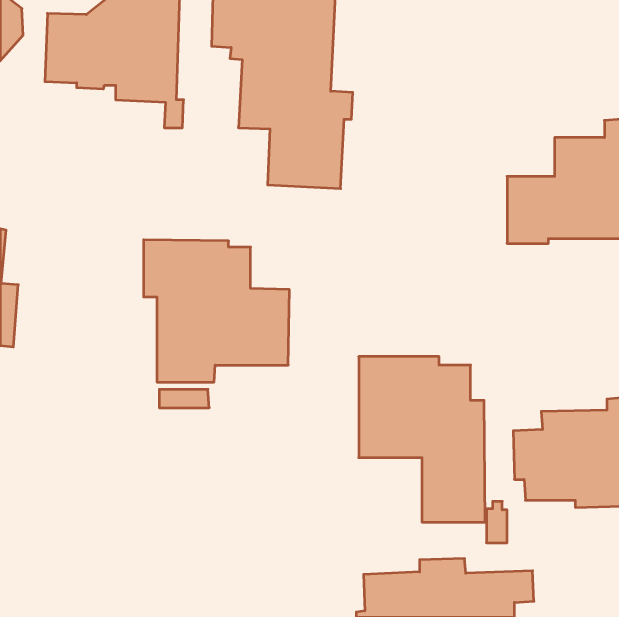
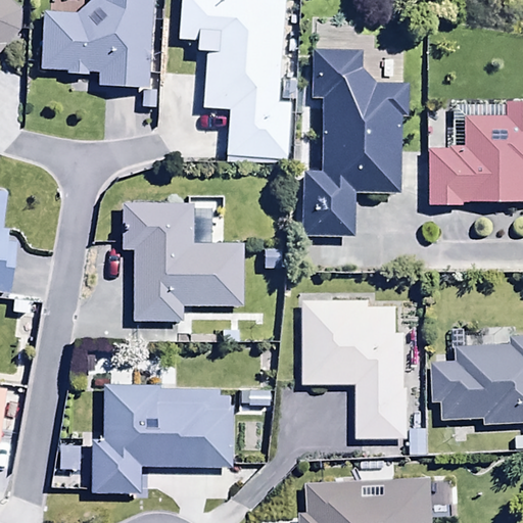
building: none -> [302,26,408,235]
building: none -> [91,384,232,491]

